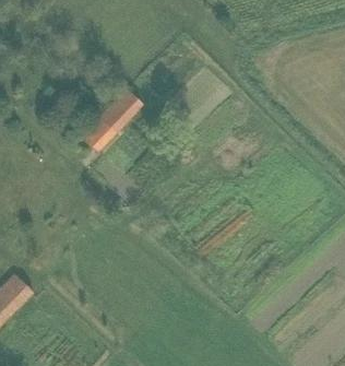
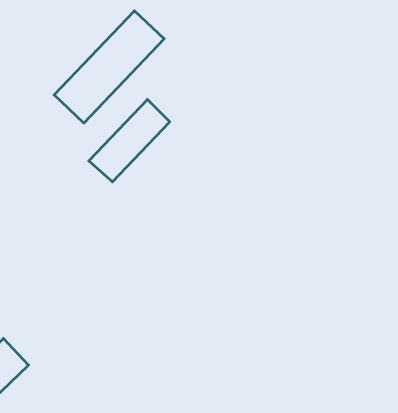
building: none -> [54,11,164,123]

